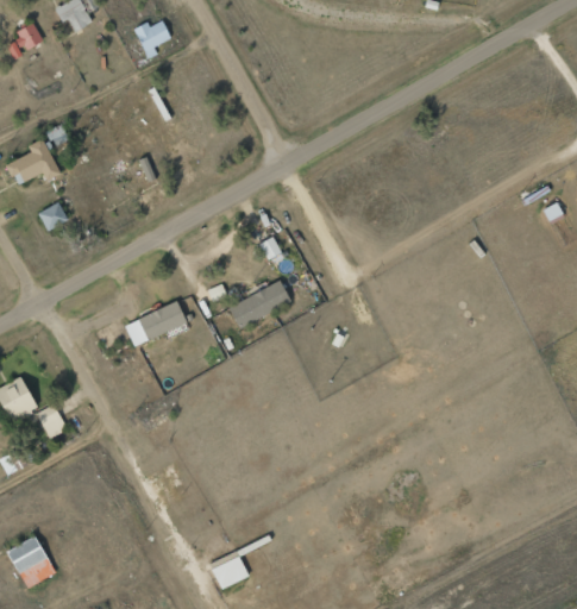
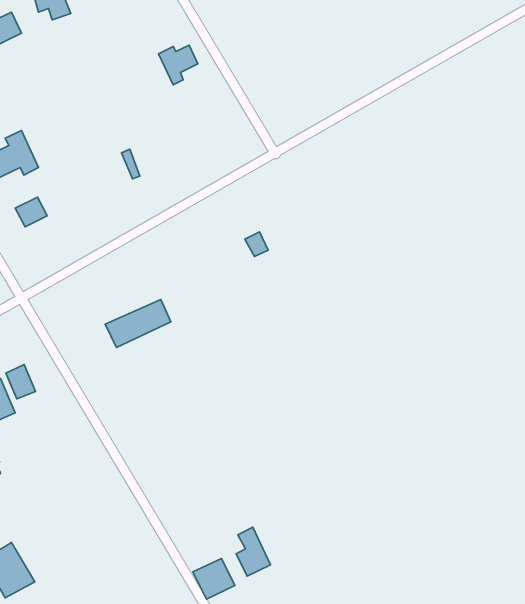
building: [133,21,171,59] -> [158,45,198,85]
building: [228,282,290,327] -> none
building: [37,404,65,438] -> [6,364,35,399]
building: none -> [236,527,270,576]

